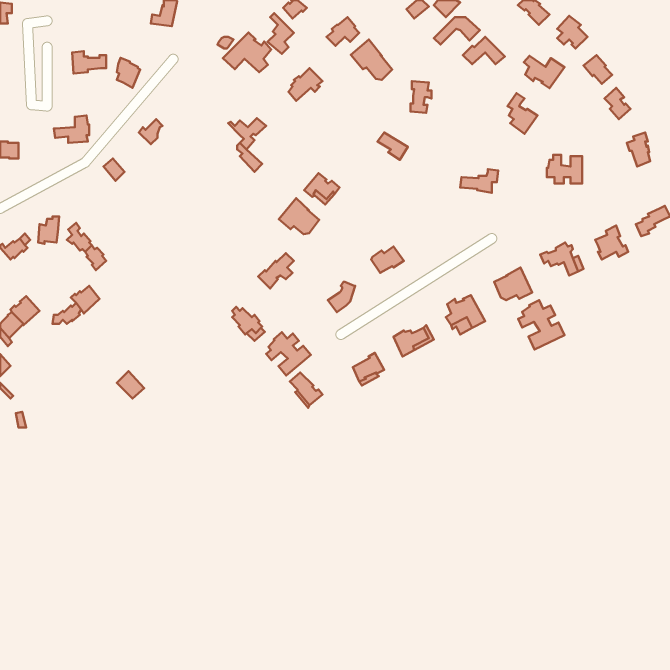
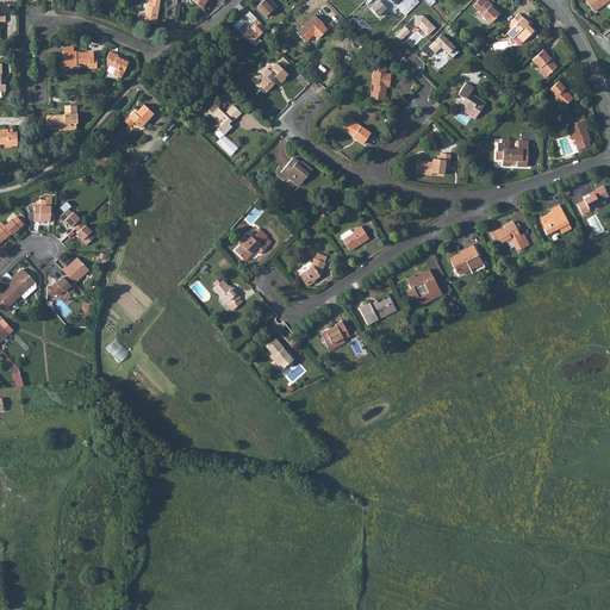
building: [223,33,271,72] -> none
building: [351,40,392,80] -> none
building: [524,56,564,88] -> none
building: [279,198,319,234] -> none
building: [518,300,565,349] -> none
building: [266,332,311,375] -> none

